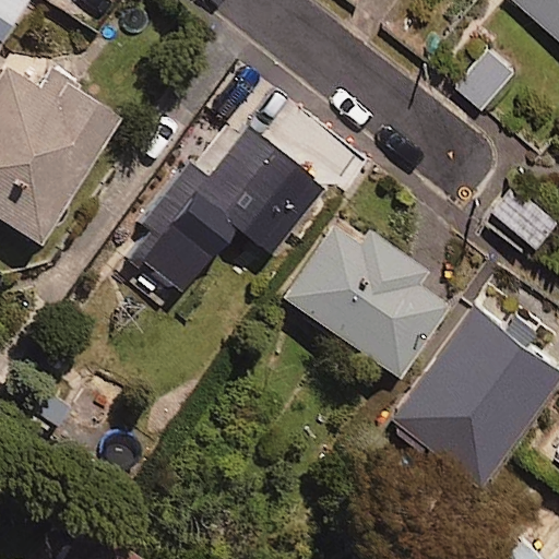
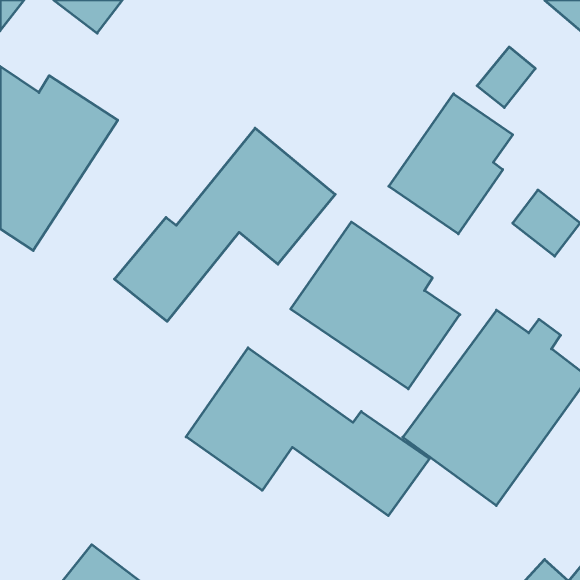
building: none -> [389,94,513,234]
building: none -> [186,348,429,516]

